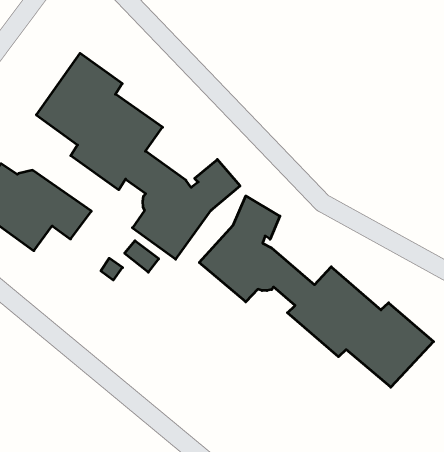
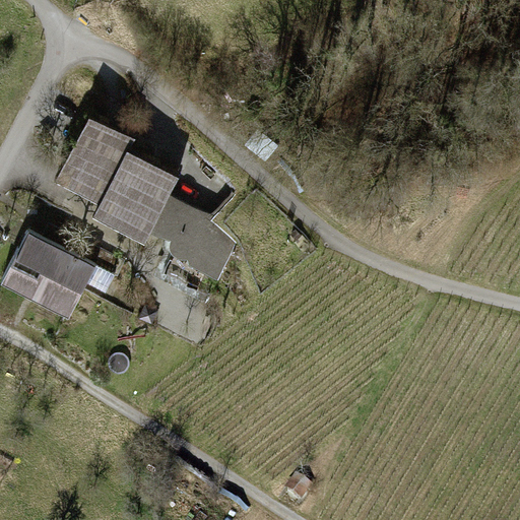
building: [199,196,434,387] -> none

